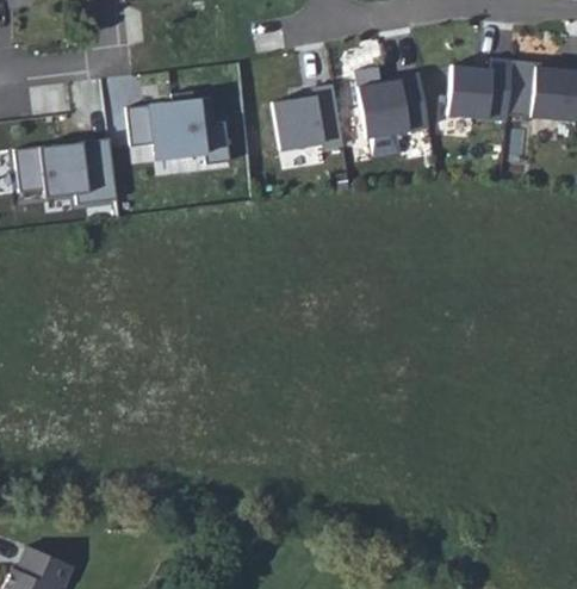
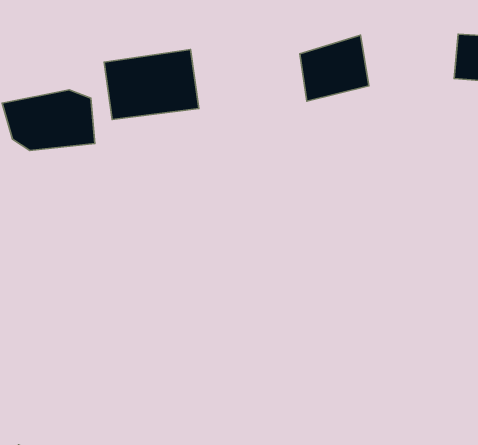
building: [446,66,515,119] -> none
building: [269,83,345,156] -> none

